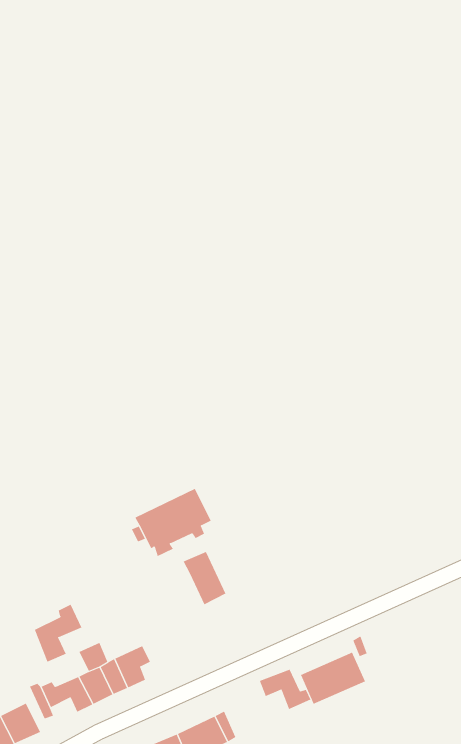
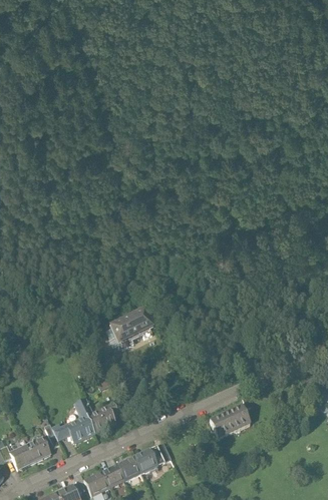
building: [183,551,226,605] -> none
building: [34,604,82,663] -> none
building: [259,669,311,710] -> none

